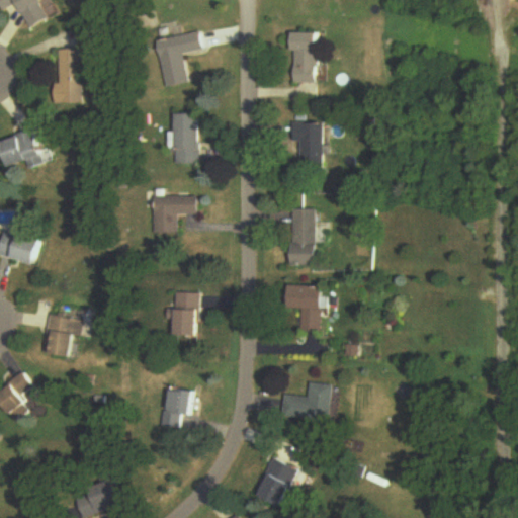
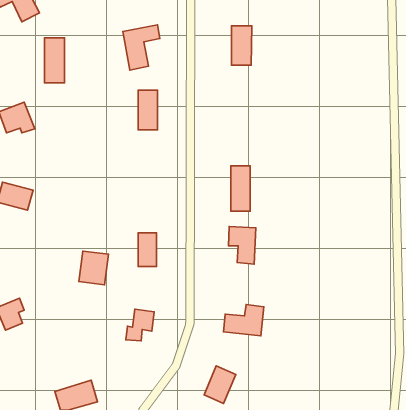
building: [291,122,321,167] -> none
building: [152,195,195,233] -> none
building: [42,315,80,357] -> [79,251,109,285]

